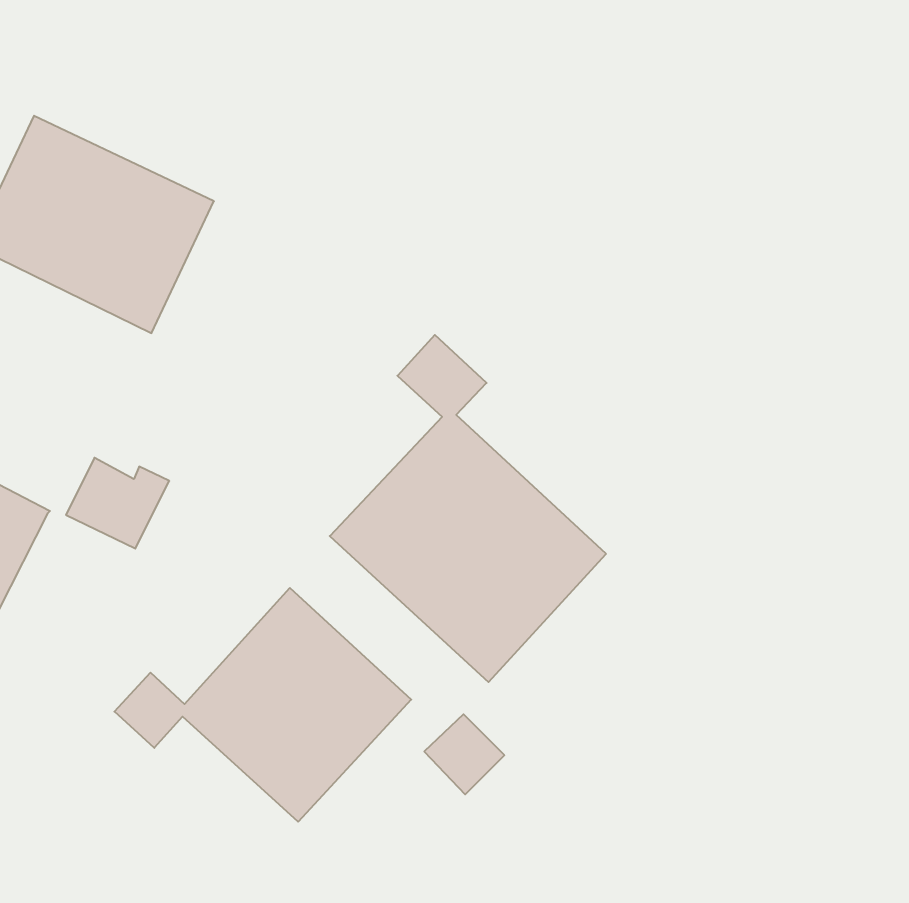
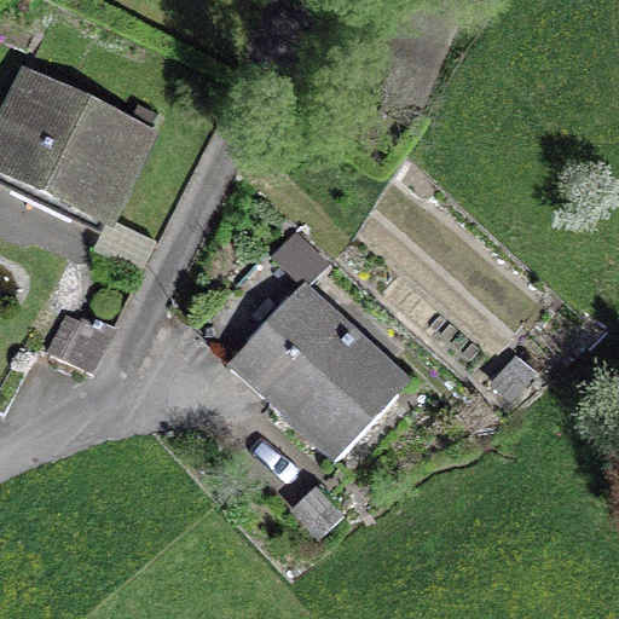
building: [114,588,411,822] -> none

